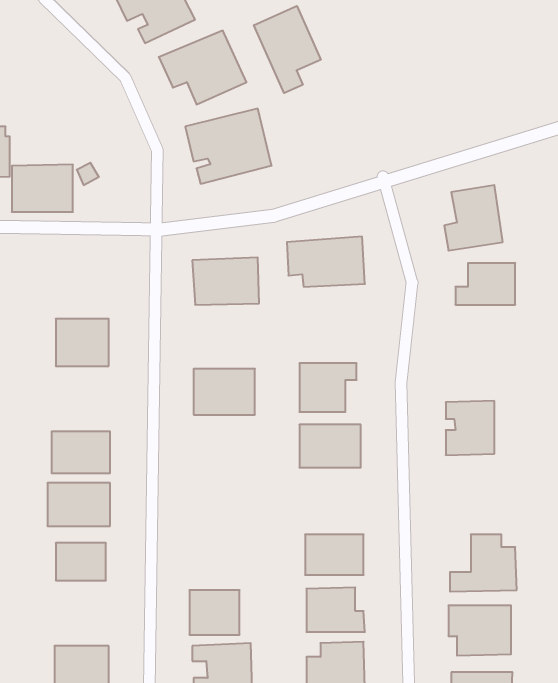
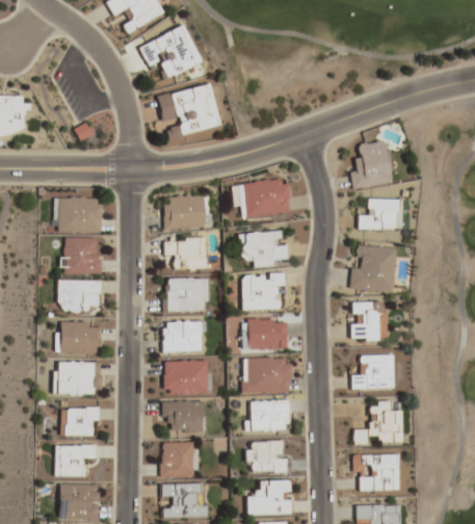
building: [254,6,321,93] -> none
building: [12,165,73,212] -> [55,198,101,233]
building: none -> [239,230,287,266]
building: none -> [164,237,208,269]
building: none -> [350,245,397,292]
building: none -> [57,282,100,312]
building: none -> [162,320,206,350]
building: none -> [351,353,394,388]
building: none -> [242,358,290,394]
building: none -> [163,360,209,394]
building: none -> [162,400,206,433]
building: none -> [55,444,95,475]

